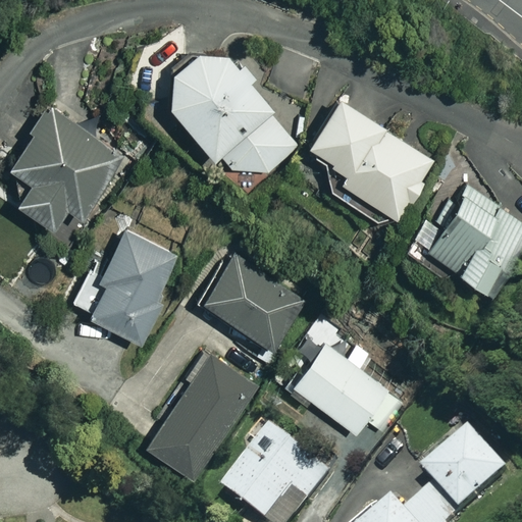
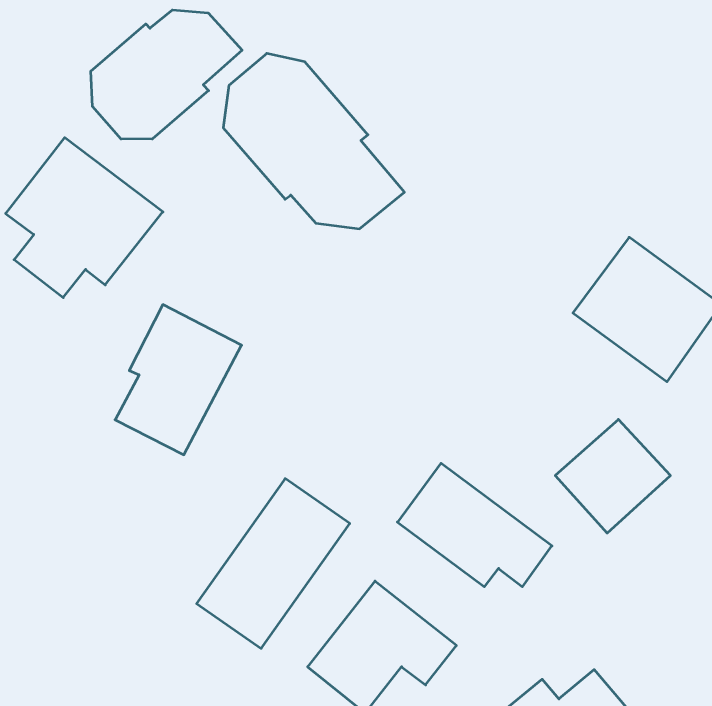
building: none -> [91,10,242,139]
building: [306,94,435,224] -> none
building: [205,256,304,348] -> none
building: [427,433,511,516] -> [555,419,670,533]

